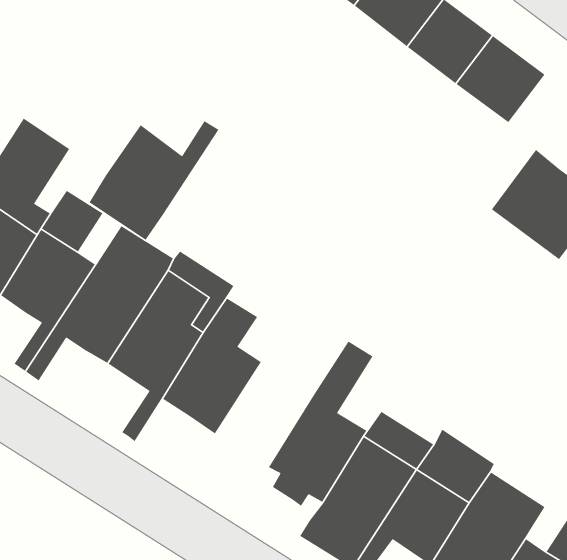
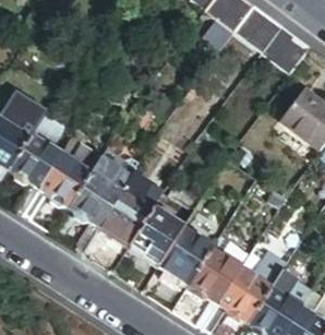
building: [88,120,220,241] -> none
building: none -> [128,207,182,266]

